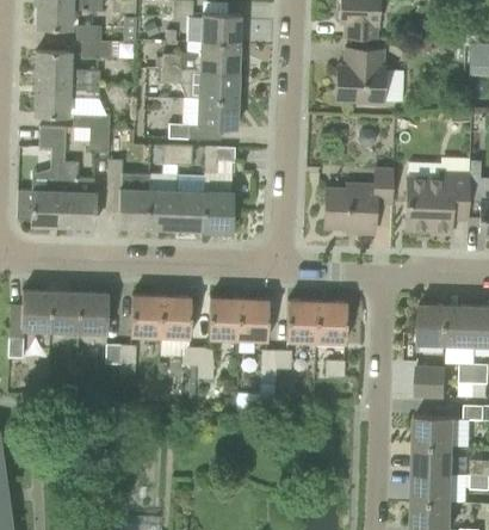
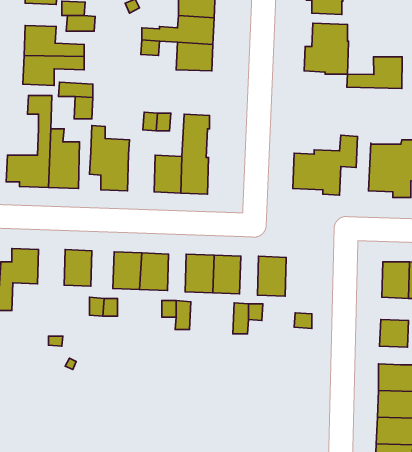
building: none -> [347,57,402,89]
building: [168,99,237,141] -> none
building: [147,190,177,230] -> none
building: [50,292,80,331] -> none
building: [316,301,347,344] -> none

